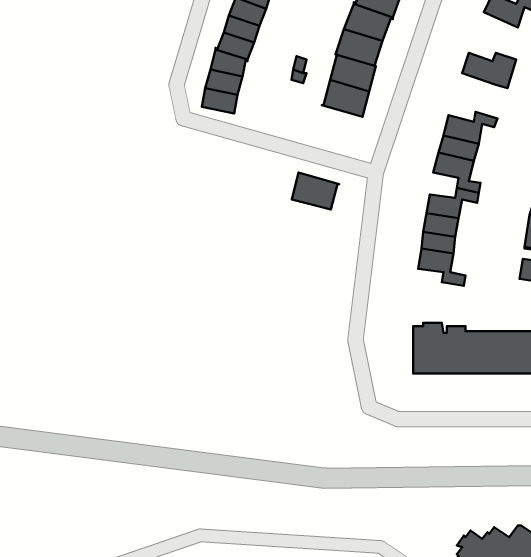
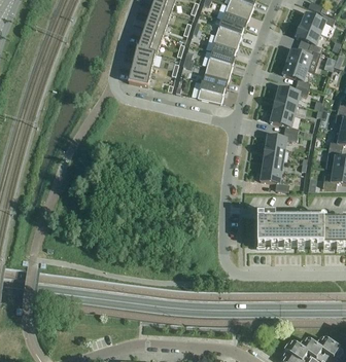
building: none -> [295,24,322,52]
building: none -> [282,61,310,88]
building: [292,172,339,210] -> [197,80,226,103]

